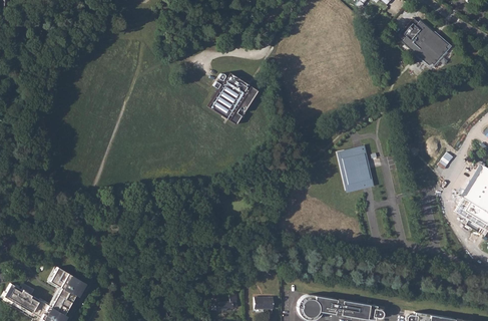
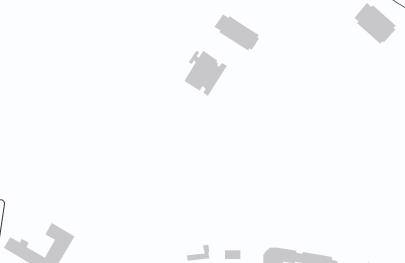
building: none -> [214,13,260,52]
building: [337,145,374,193] -> none

